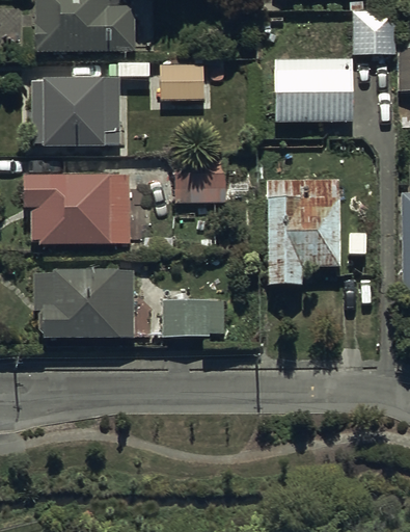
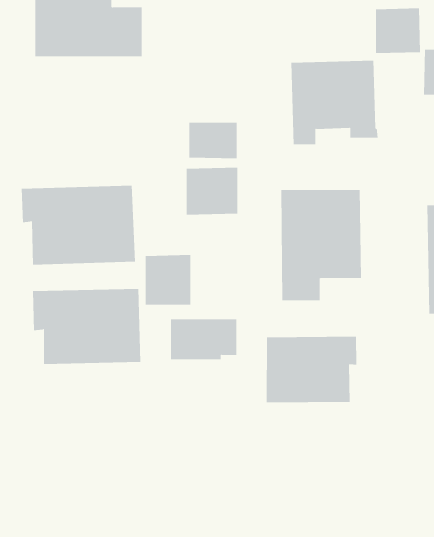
building: [159,63,204,98] -> [189,122,238,159]
building: [30,78,120,143] -> none
building: none -> [145,254,191,306]
building: none -> [266,336,357,403]

